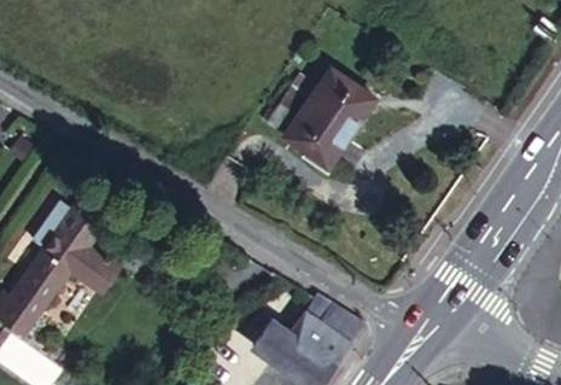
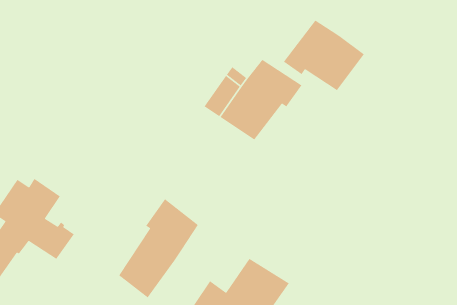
building: none -> [283,19,365,91]
building: none -> [118,198,199,299]

